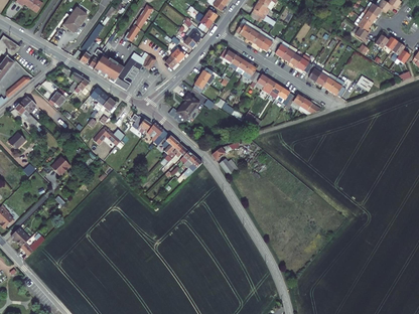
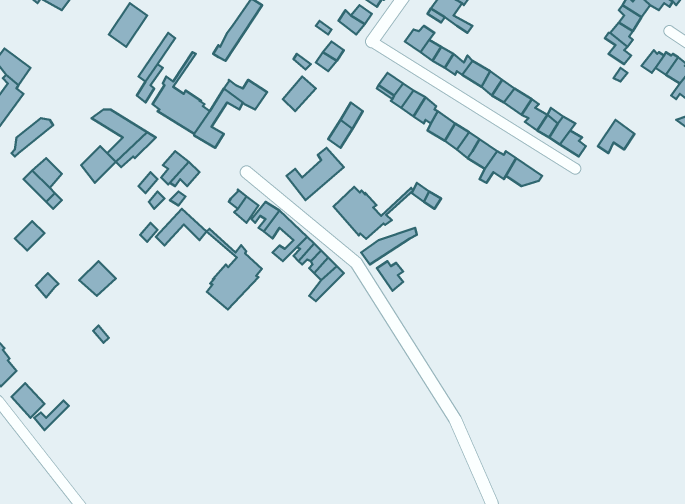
building: none -> [334,187,413,239]
building: none -> [206,229,262,309]

